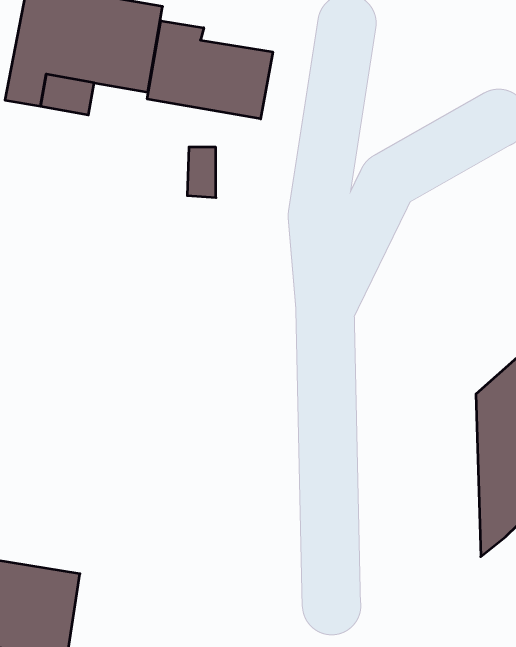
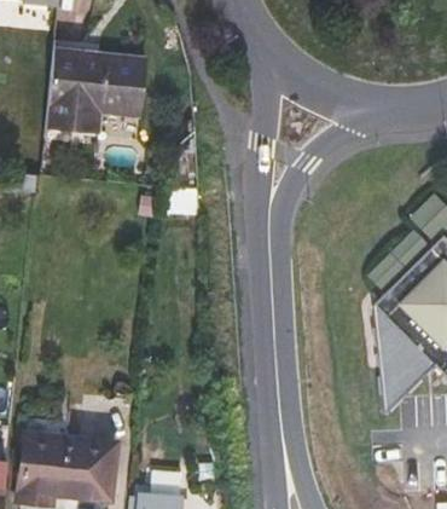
building: [147,21,273,119] -> none

